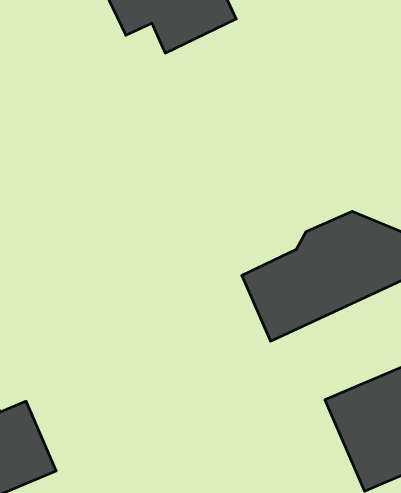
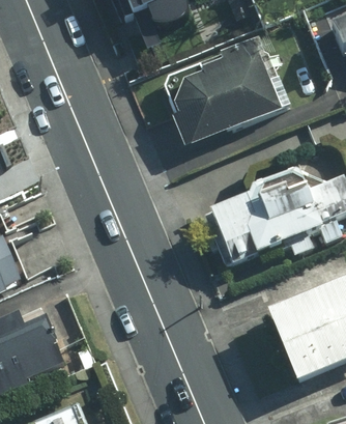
building: none -> [162,36,288,144]

